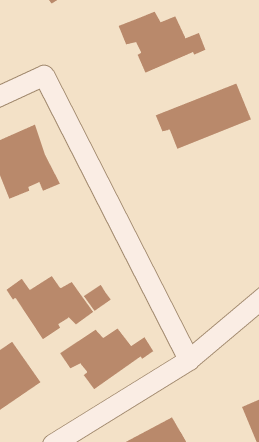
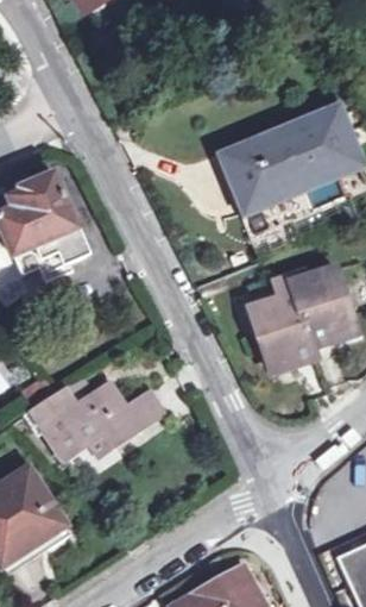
building: [118,11,206,74] -> none
building: none -> [245,270,353,374]
building: [59,327,154,390] -> none

